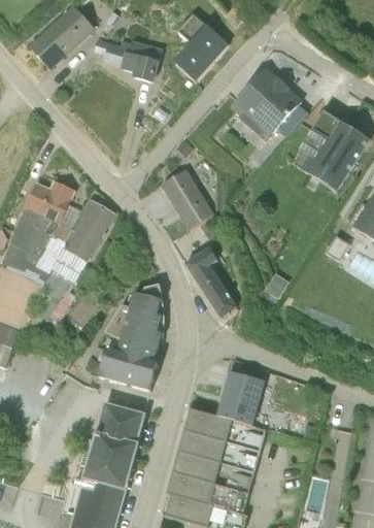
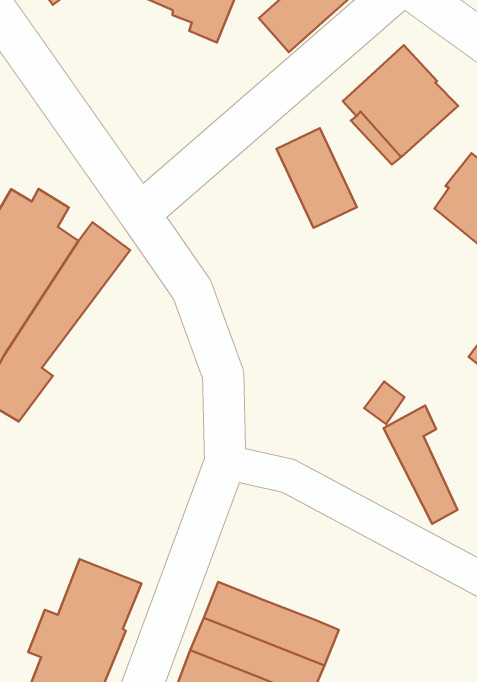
building: [161,168,213,229] -> [277,128,357,228]
building: [184,245,235,317] -> [383,406,458,524]
building: [98,283,163,390] -> none
building: [216,370,264,424] -> none

